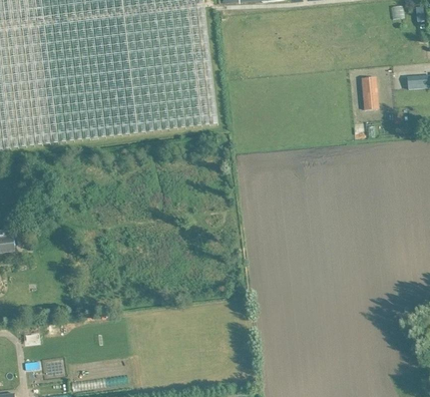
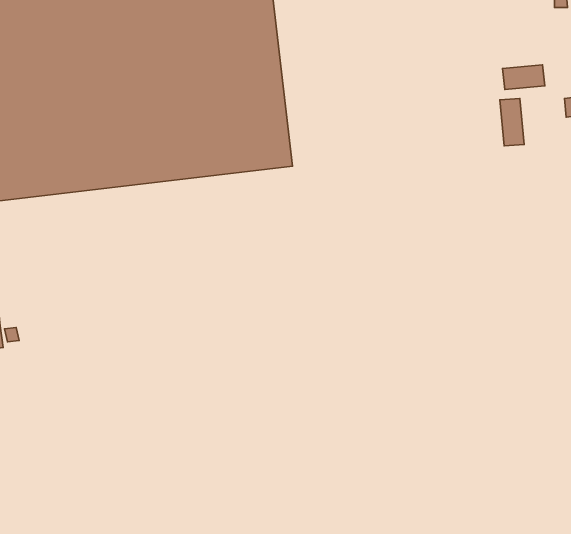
building: none -> [502,65,545,89]

